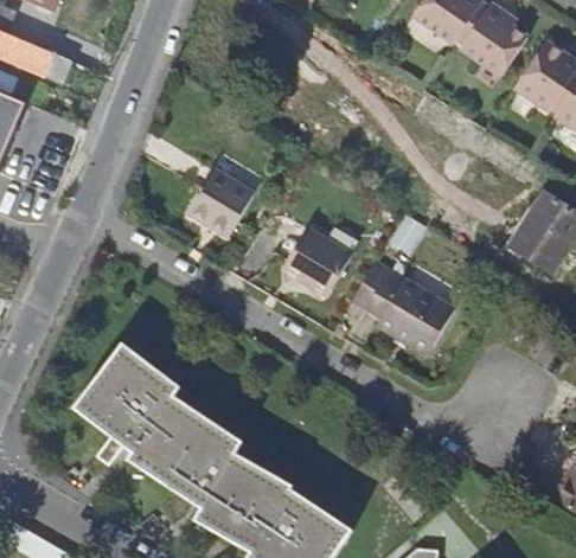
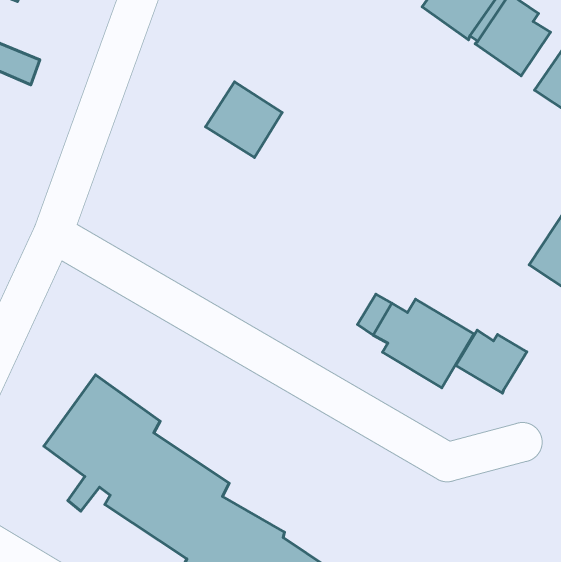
building: [187,168,256,236] -> [206,82,282,157]
building: [283,227,352,295] -> none
building: none -> [456,330,527,393]

